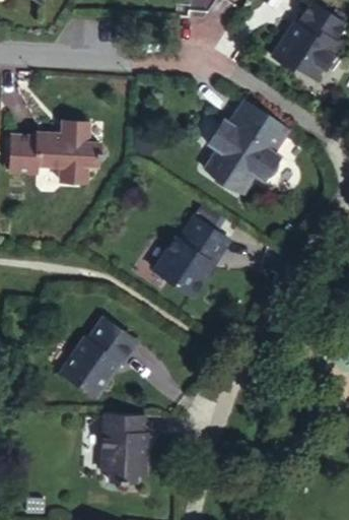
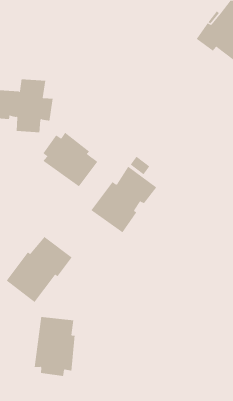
building: [207,101,292,194] -> none
building: none -> [43,132,98,187]

